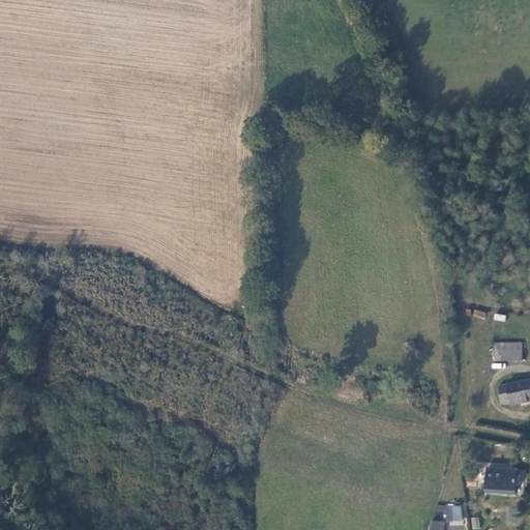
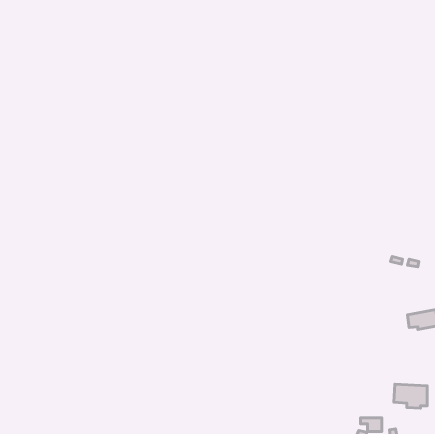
building: [496,336,521,357] -> none

